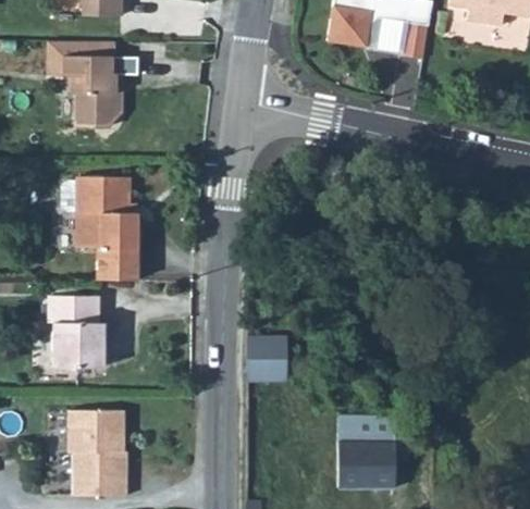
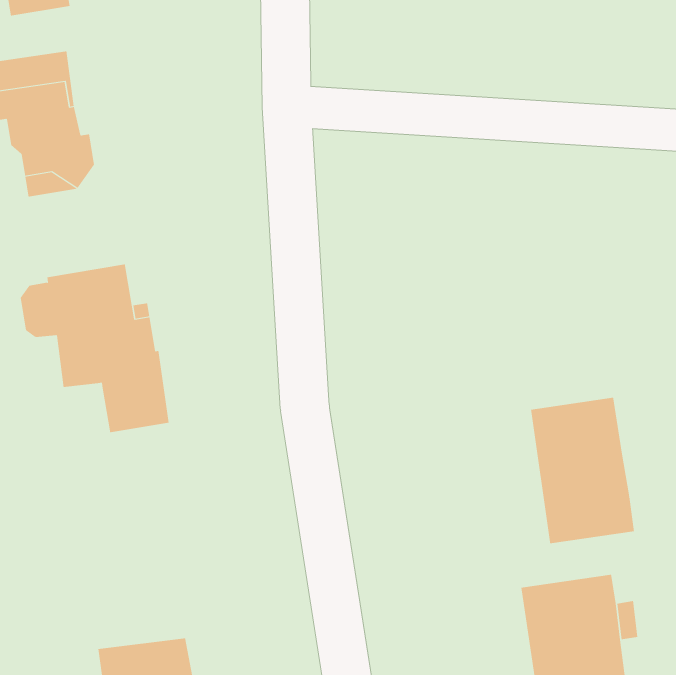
building: [49,293,106,367] -> none
building: none -> [531,397,634,544]
building: [245,337,284,380] -> none

